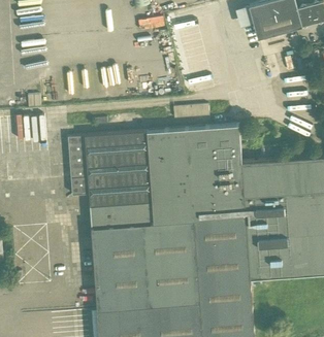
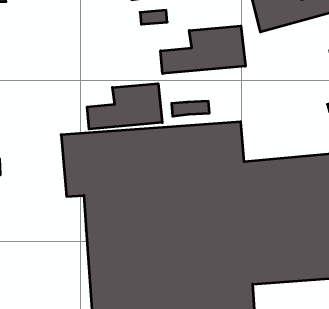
building: none -> [161,26,245,74]
building: none -> [87,84,162,129]

